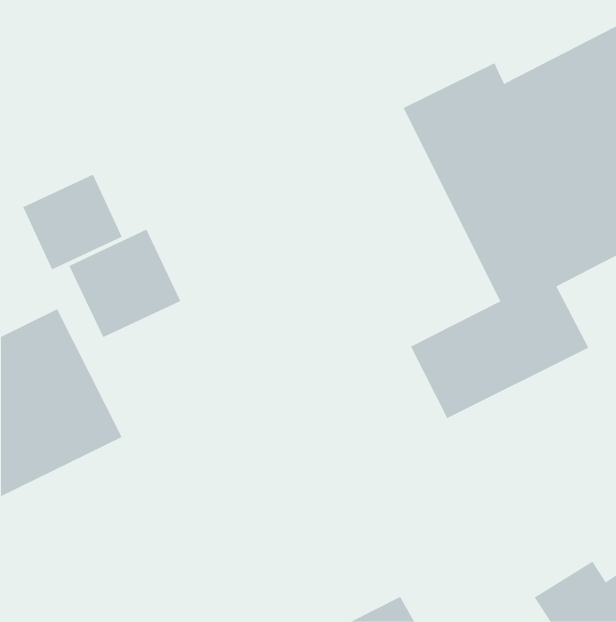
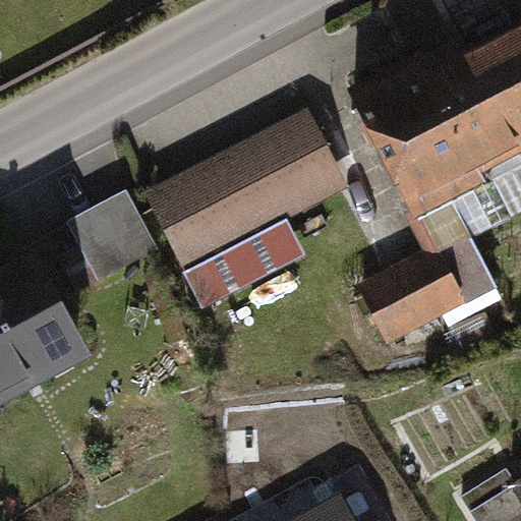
building: none -> [143,108,347,306]
building: [23,174,122,270] -> none

